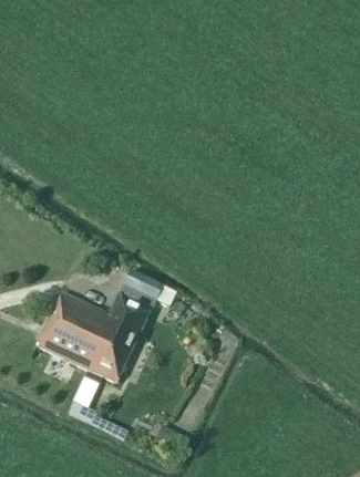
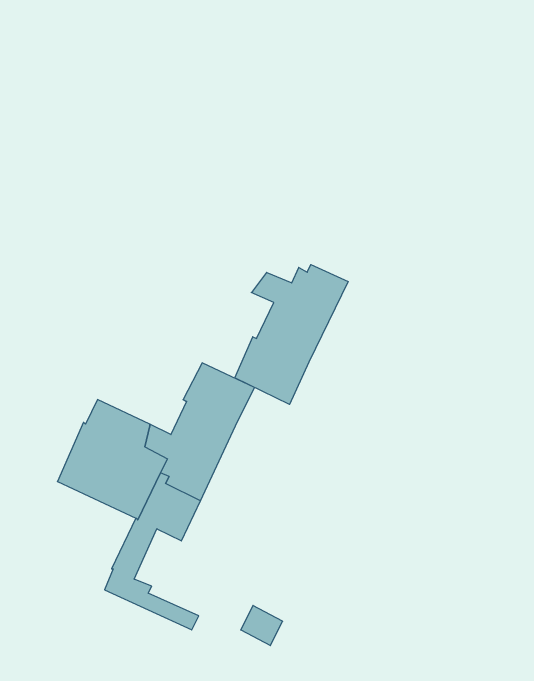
building: none -> [235,265,348,404]

